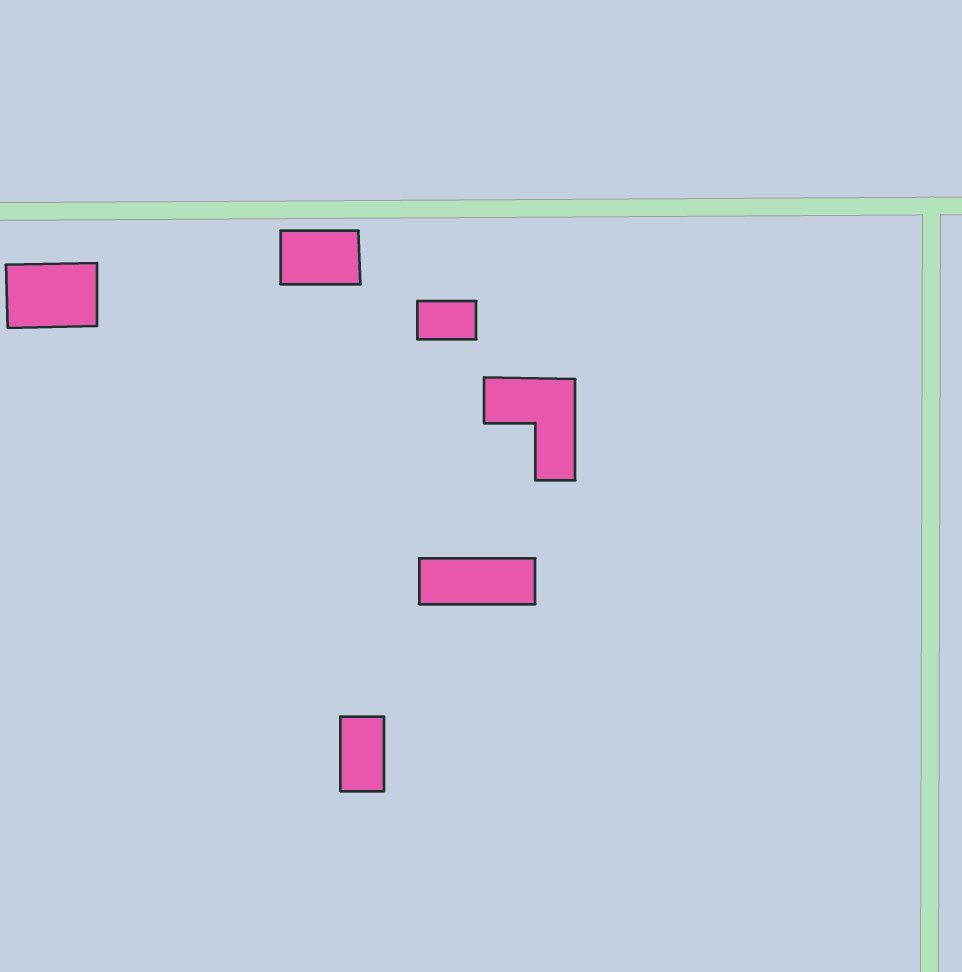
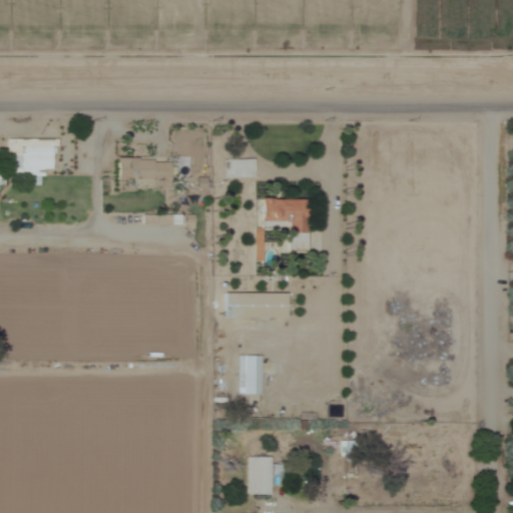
building: [280,231,361,284] -> [122,158,164,186]
building: [340,717,384,791] -> [240,356,264,395]
building: none -> [249,456,274,495]

